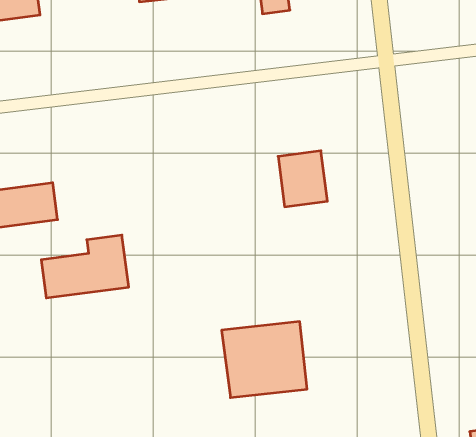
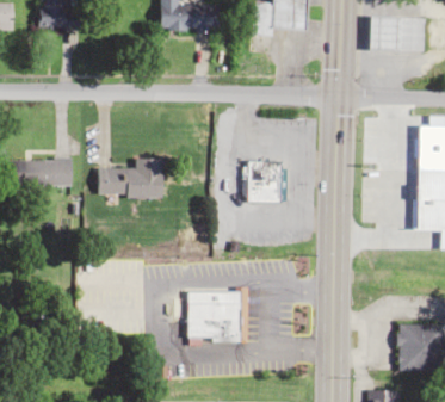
building: [41,235,129,298] -> [99,157,163,198]

